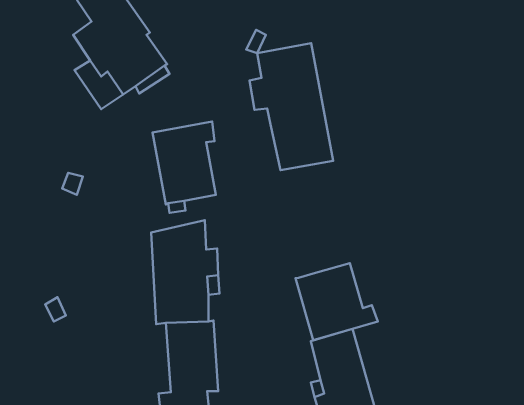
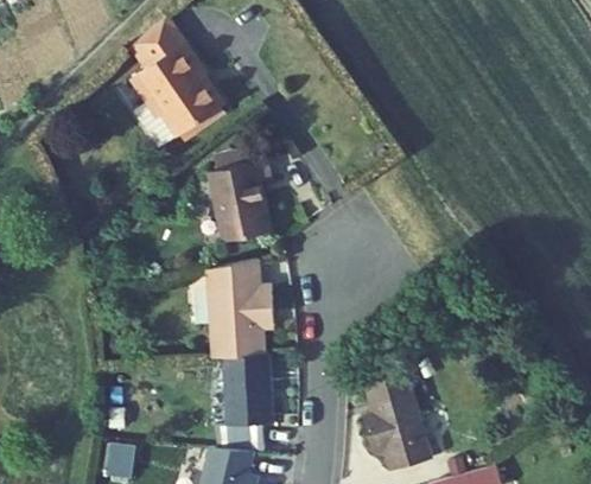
building: [249,43,333,170] -> none
building: [296,263,378,340] -> none

